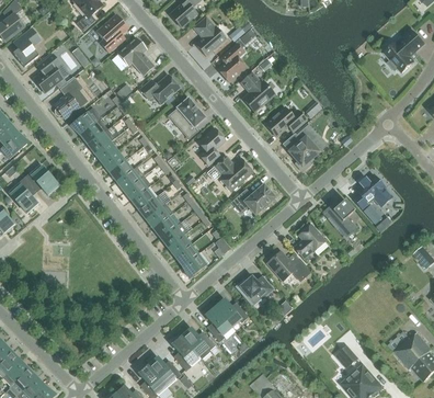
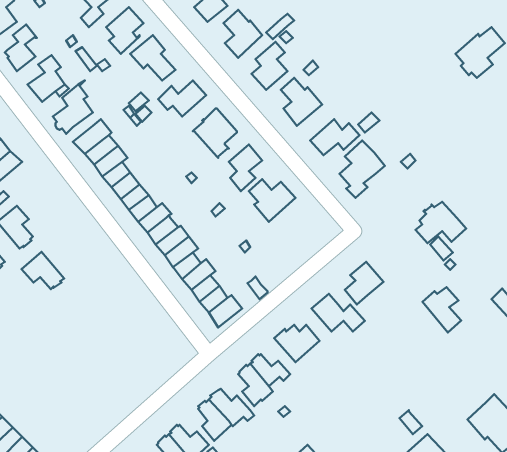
building: [23,163,58,194] -> [22,252,64,289]
building: [230,184,274,215] -> none
building: [324,200,356,237] -> [422,287,461,333]

